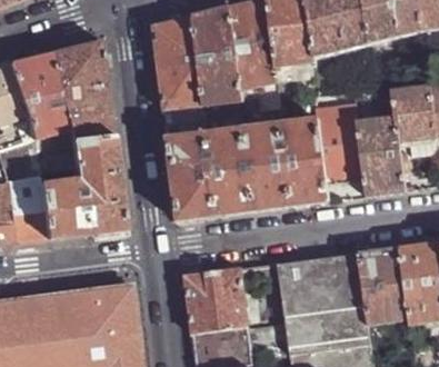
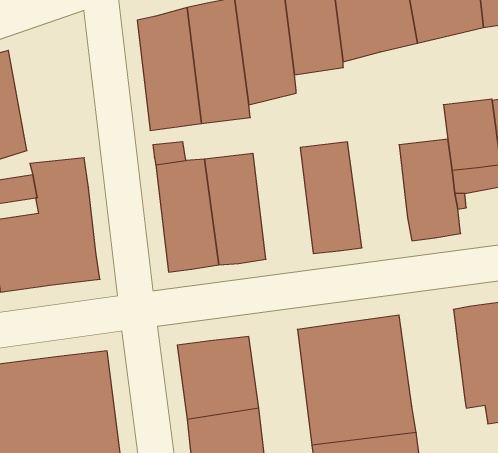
building: [53,37,112,136] -> none
building: [316,103,363,184] -> none
building: [243,123,290,210] -> none
building: [357,249,408,325] -> none

